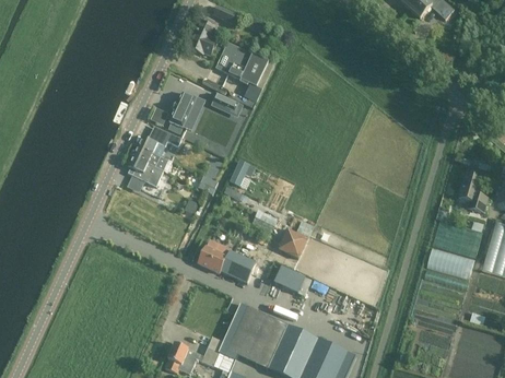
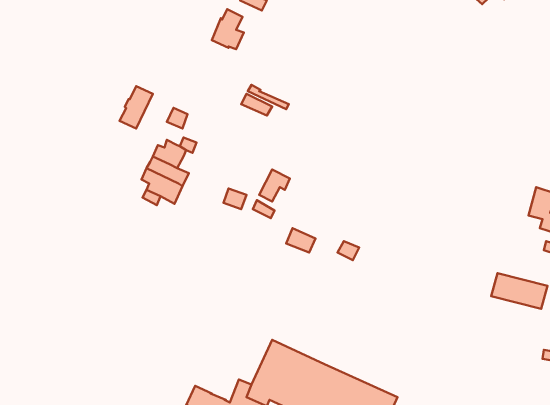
building: [216,42,269,85] -> none
building: [171,92,199,128] -> [120,86,153,129]
building: [278,227,308,258] -> none
building: [198,241,256,283] -> none
building: [274,264,306,292] -> none

